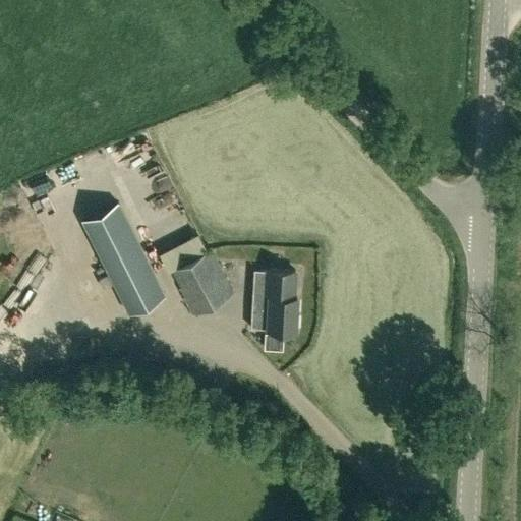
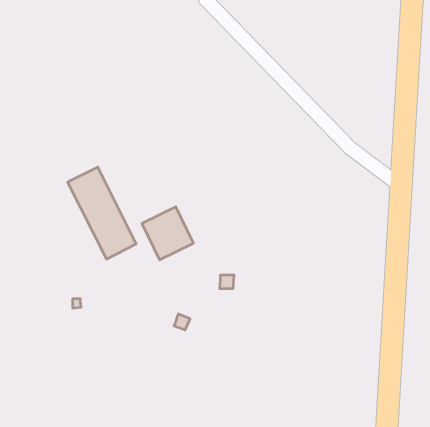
building: [252,273,298,334] -> none

